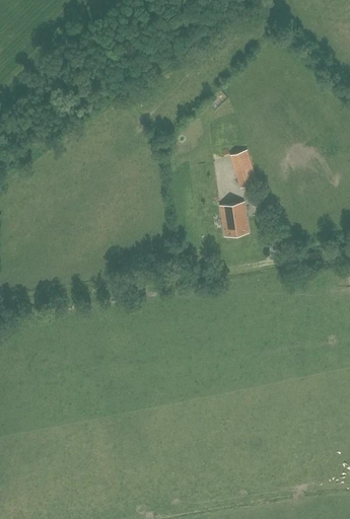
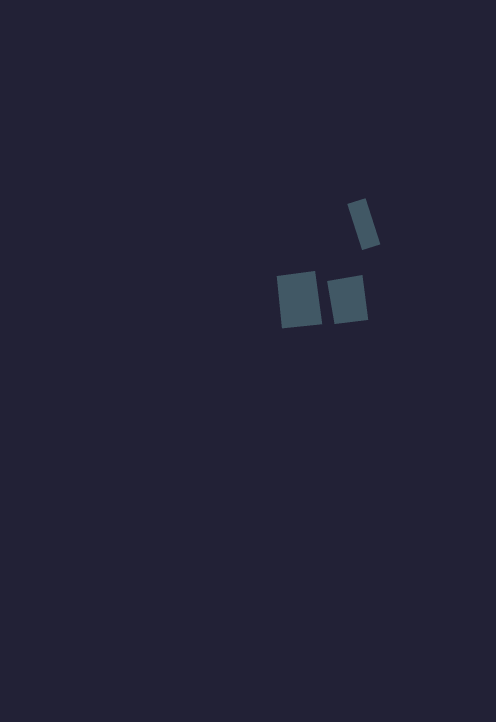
building: none -> [276,270,323,329]

